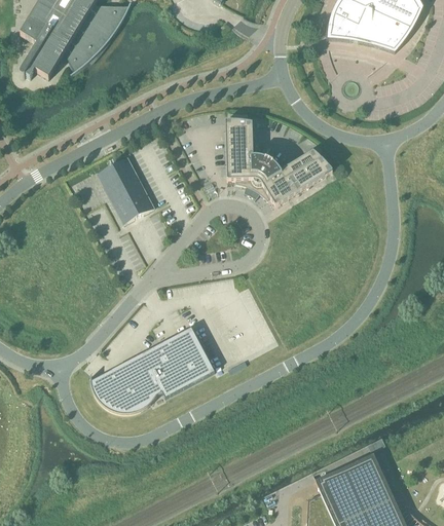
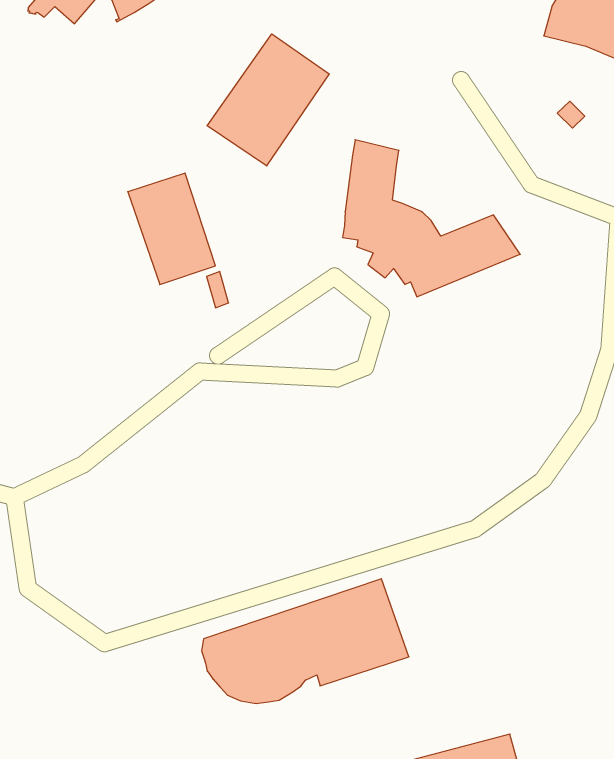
building: none -> [207,34,329,166]
building: [91,327,214,412] -> [202,579,409,703]

